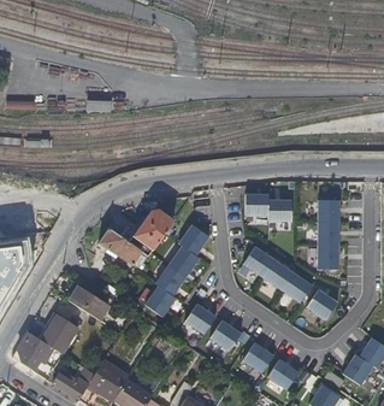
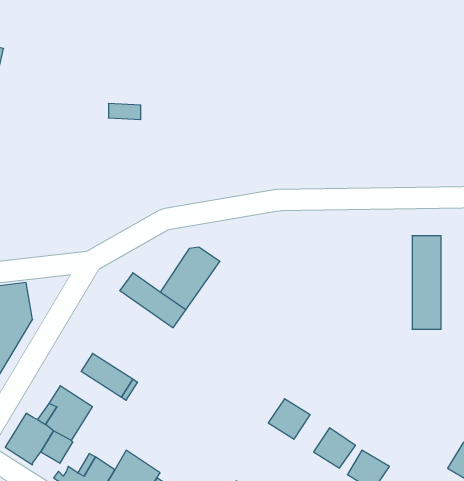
building: [243,194,290,220] -> none
building: [144,225,208,317] -> none
building: [242,246,312,302] -> none
building: [306,288,337,319] -> none
building: [184,304,215,335] -> none

